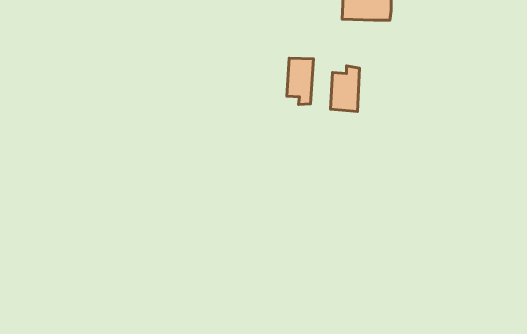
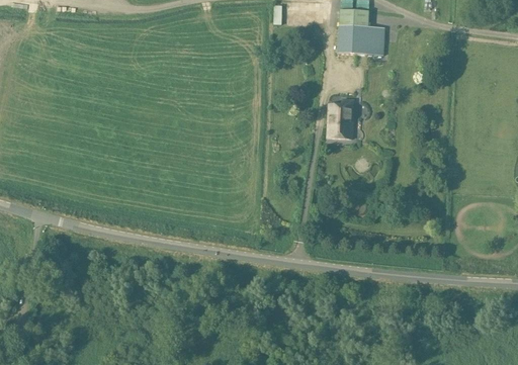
building: [287,58,314,104] -> none

